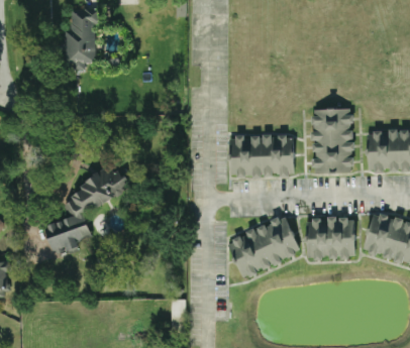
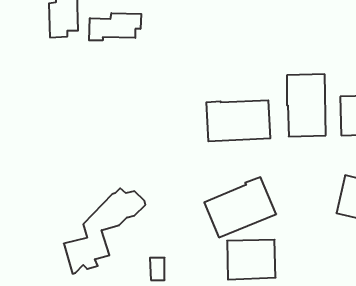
building: none -> [89,13,141,40]
building: [42,167,127,256] -> [64,188,145,274]
building: [304,218,354,259] -> [227,240,276,280]

